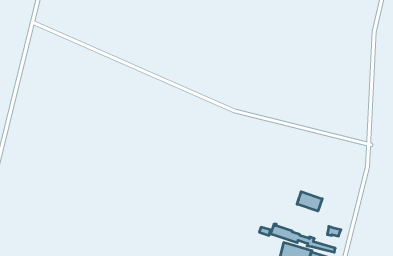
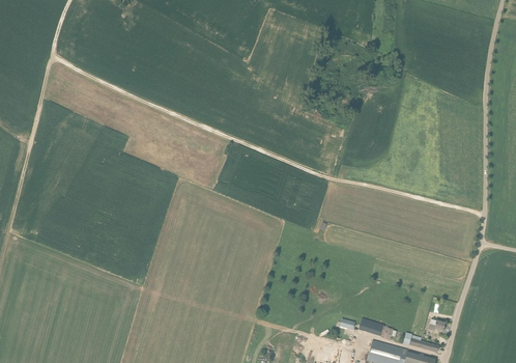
building: [297,192,322,211] -> none

